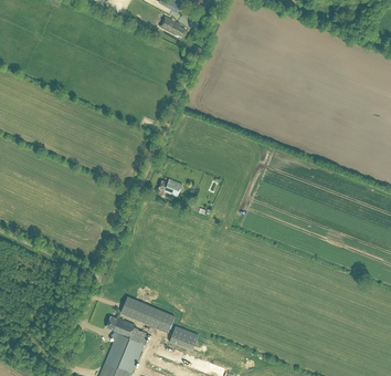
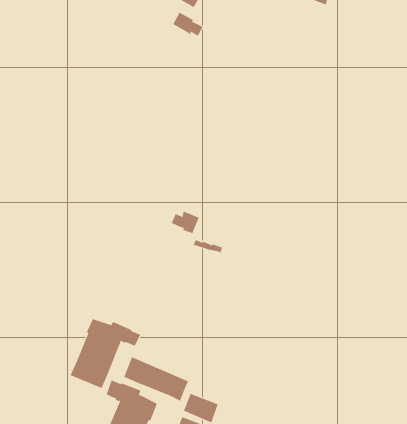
building: none -> [70,319,141,389]

